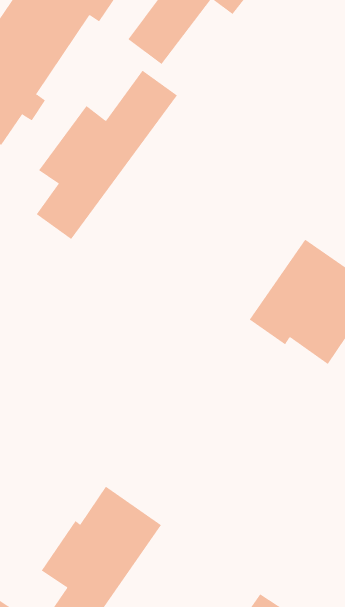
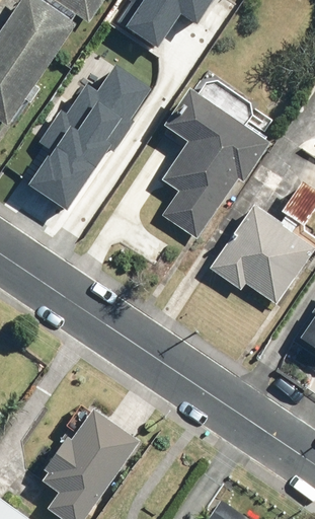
building: none -> [158,75,271,240]

